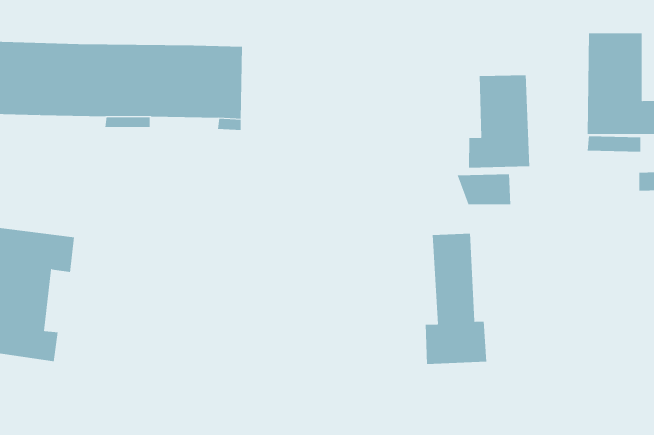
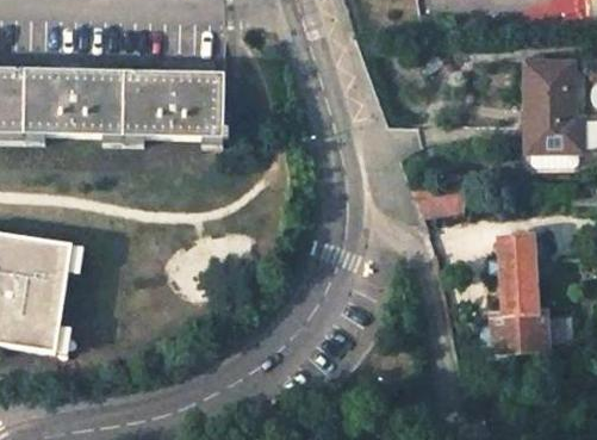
building: [469,74,530,168] -> none
building: [425,233,487,365] -> [493,235,548,351]

